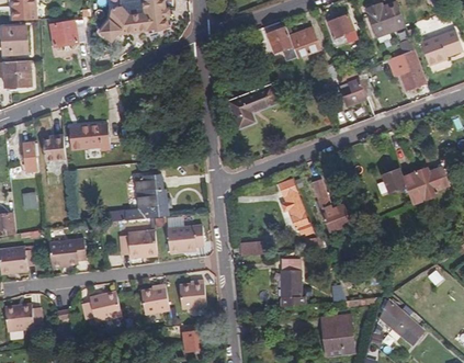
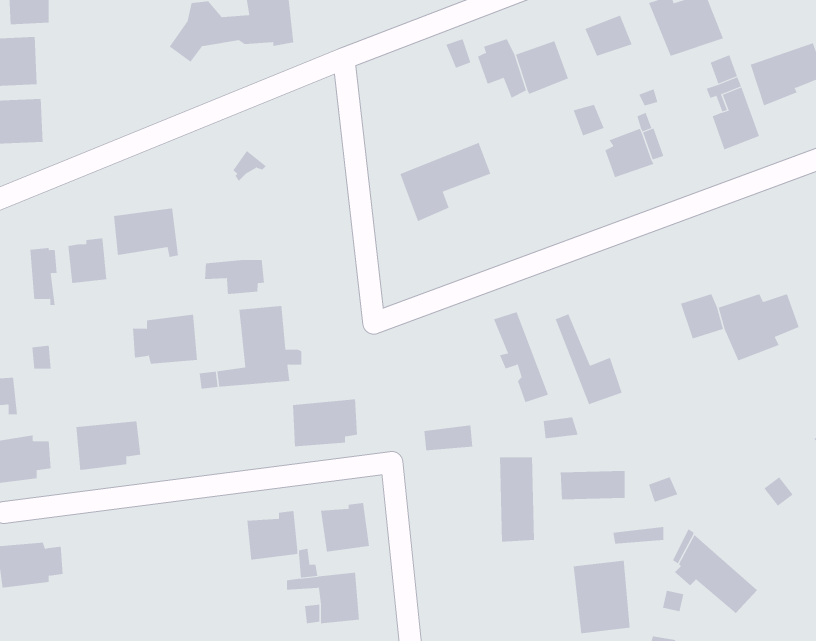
building: [50,20,87,47] -> none
building: none -> [205,259,265,295]
building: [121,229,157,257] -> [132,314,198,364]
building: none -> [560,470,625,500]
building: [82,292,122,318] -> none

